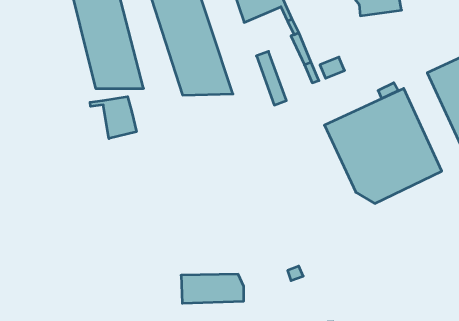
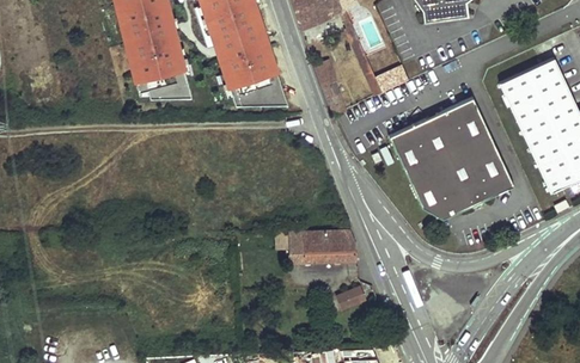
building: [90,97,136,139] -> none
building: [181,274,244,303] -> [289,230,356,262]

